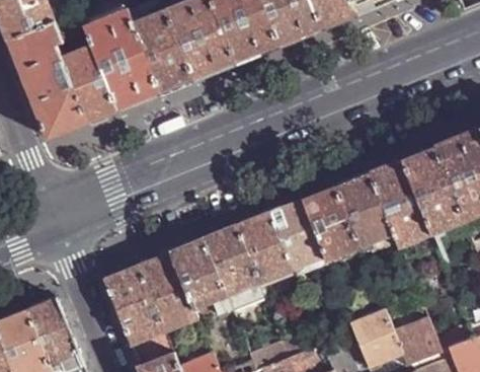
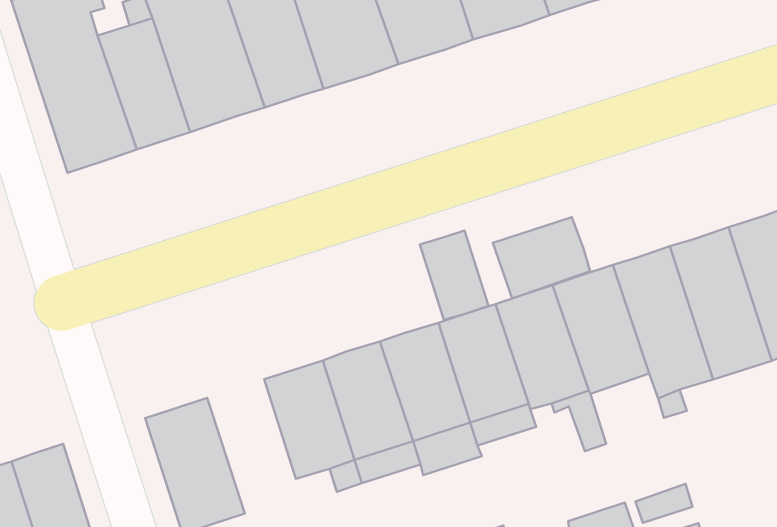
building: none -> [493,217,590,298]
building: none -> [420,230,489,320]
building: [137,251,195,330] -> none

